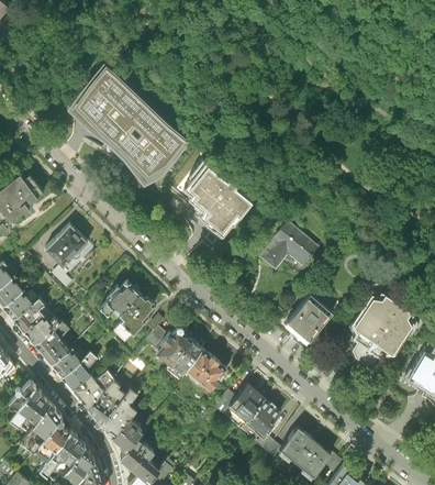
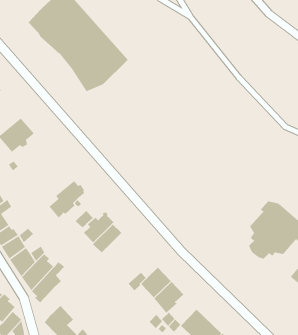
building: [182,162,254,239] -> none
building: [260,223,316,267] -> none
building: [99,276,140,315] -> none
building: [285,301,327,344] -> none
building: [185,346,228,390] -> none
building: [111,419,143,455] -> none

